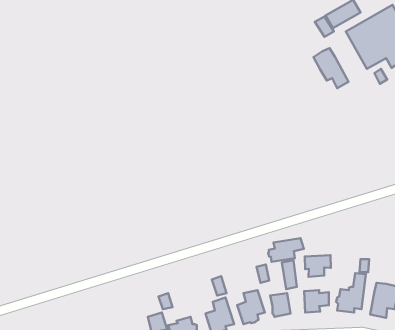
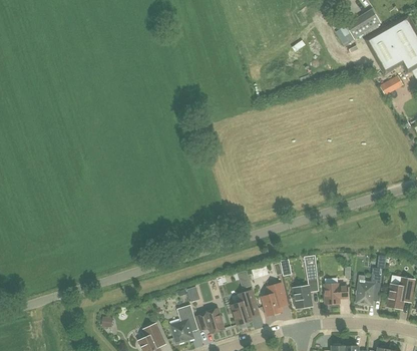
building: [314,48,349,88] -> none
building: [268,238,304,262] -> none
building: [305,255,331,277] -> none

